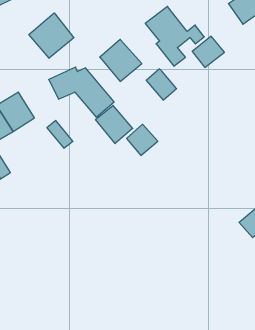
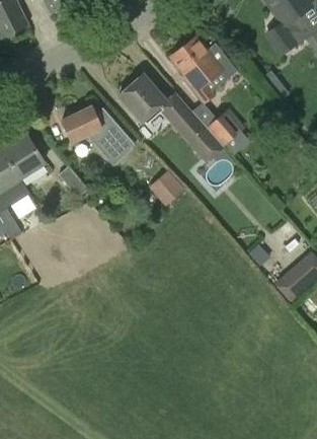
building: [29,13,74,58] -> none
building: [192,36,224,67] -> [208,108,244,144]
building: [96,105,133,144] -> none

